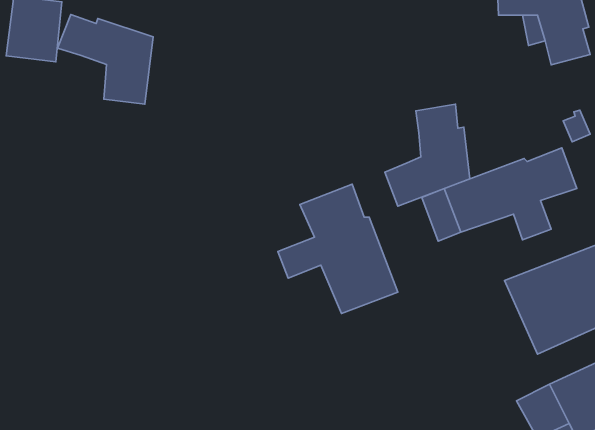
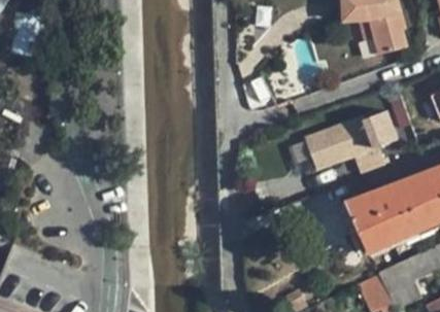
building: [57,15,153,104] -> none
building: [385,104,470,206] -> none
building: [278,184,398,314] -> none

